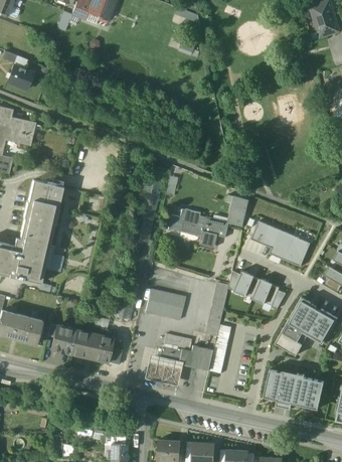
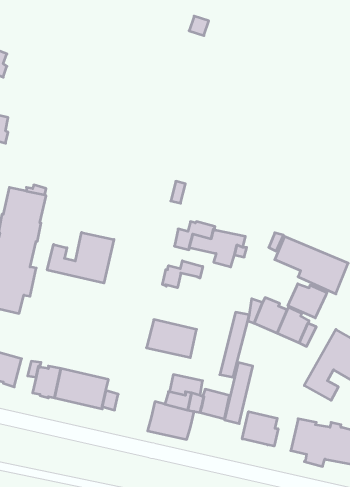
building: [228,196,248,225] -> none
building: none -> [47,232,114,283]
building: none -> [162,261,203,288]
building: none -> [288,284,327,318]
building: none -> [242,412,278,446]

